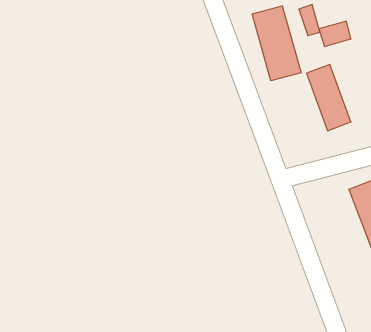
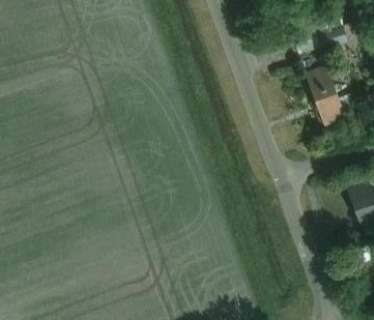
building: [252,6,301,81] -> none

